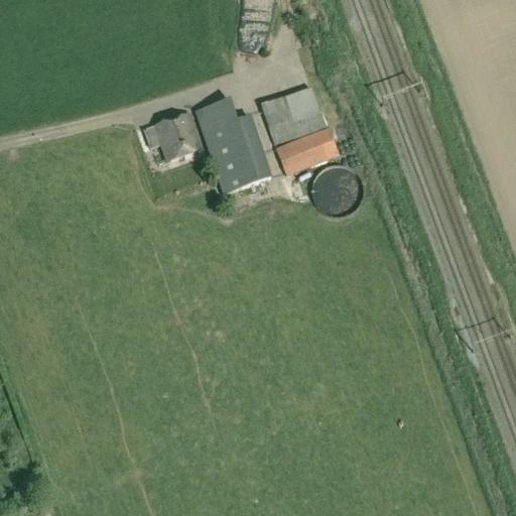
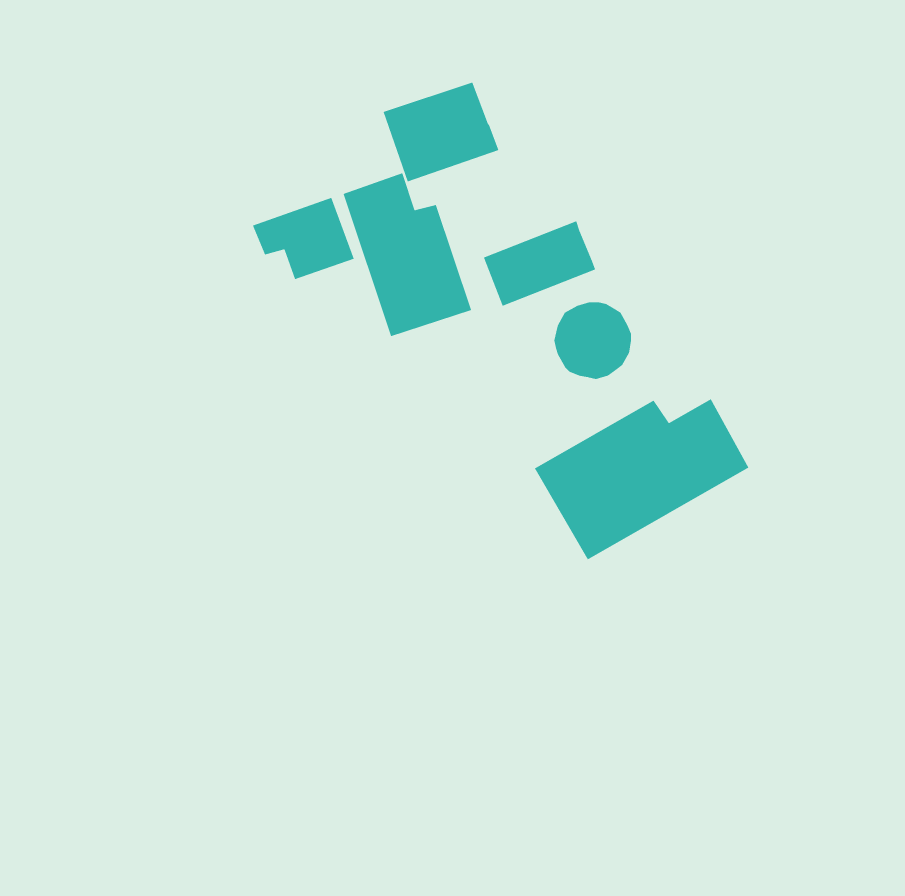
building: [260,85,327,142] -> [382,81,500,183]
building: none -> [534,398,749,560]

